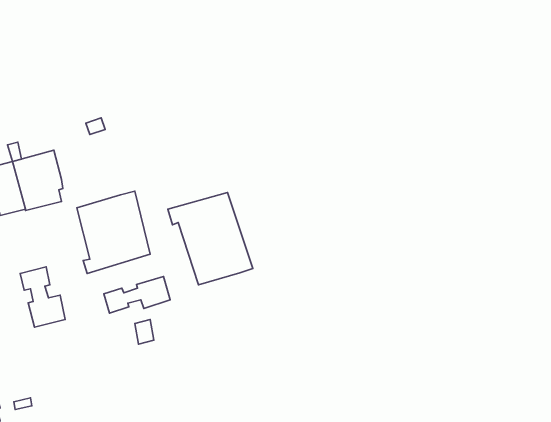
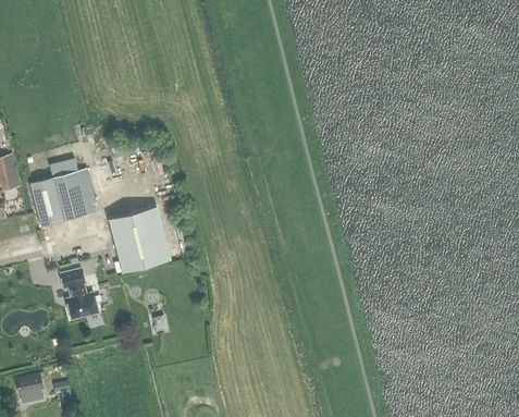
building: [168,192,253,285] -> none
building: [104,277,170,313] -> none

